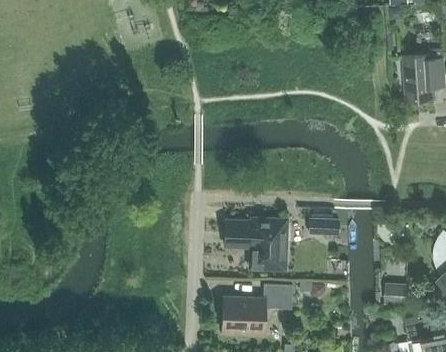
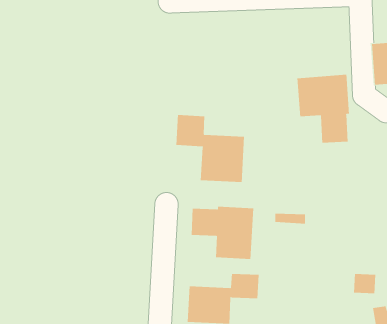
building: none -> [297,74,350,143]
building: none -> [176,114,244,183]

